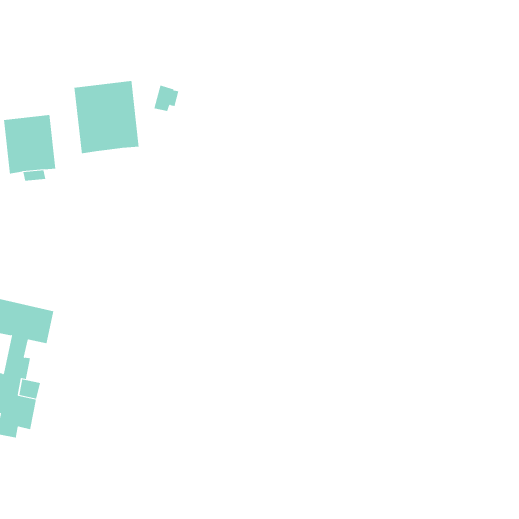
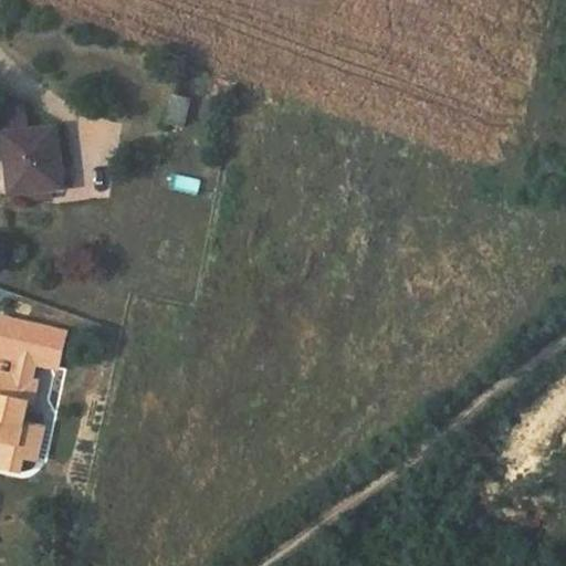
building: [74,80,139,154] -> none

